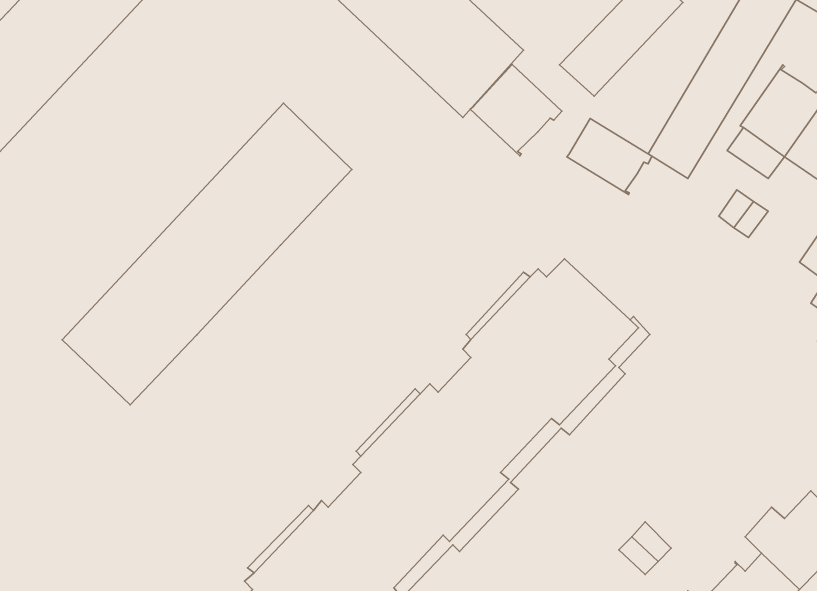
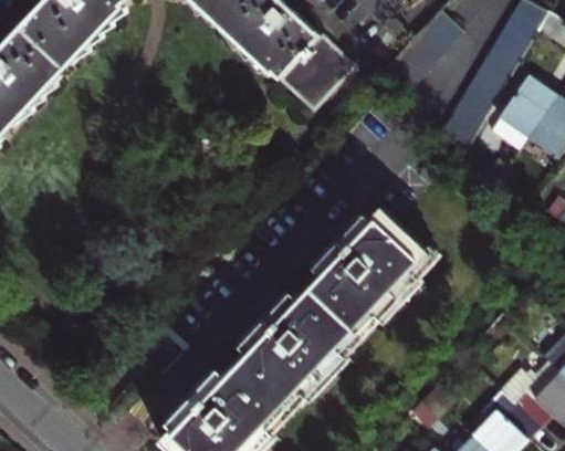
building: [470,65,562,156] -> none
building: [62,103,352,405] -> none
building: [567,118,652,195] -> none

